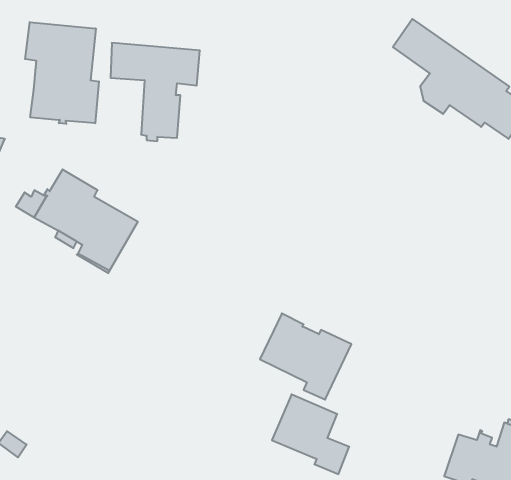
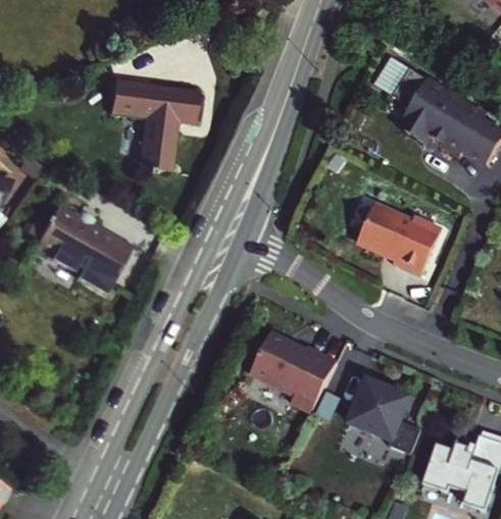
building: [25,22,99,124] -> none
building: none -> [359,202,442,275]
building: [272,394,349,474] -> [348,378,420,453]

